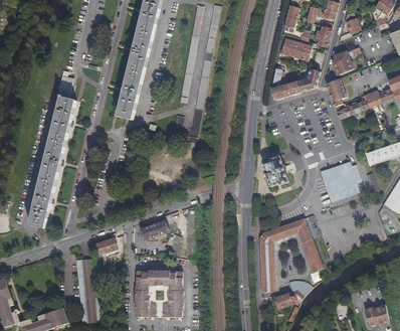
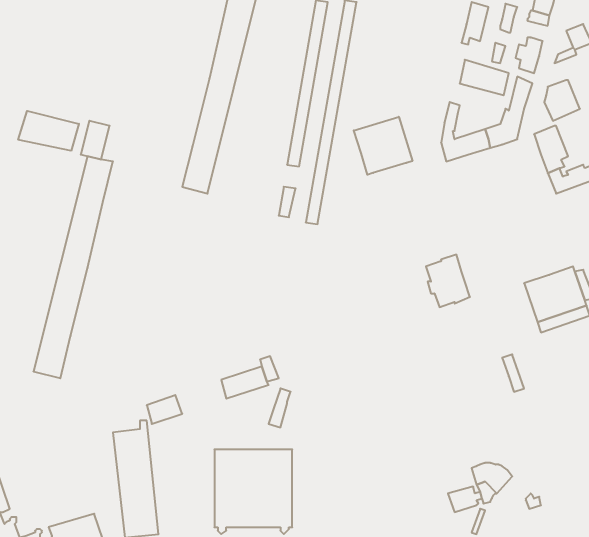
building: none -> [18,111,79,151]
building: none -> [354,117,412,175]
building: [258,217,324,291] -> none

